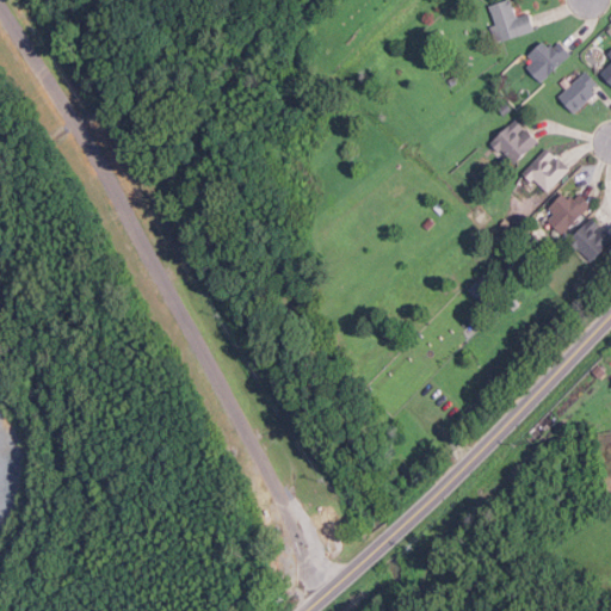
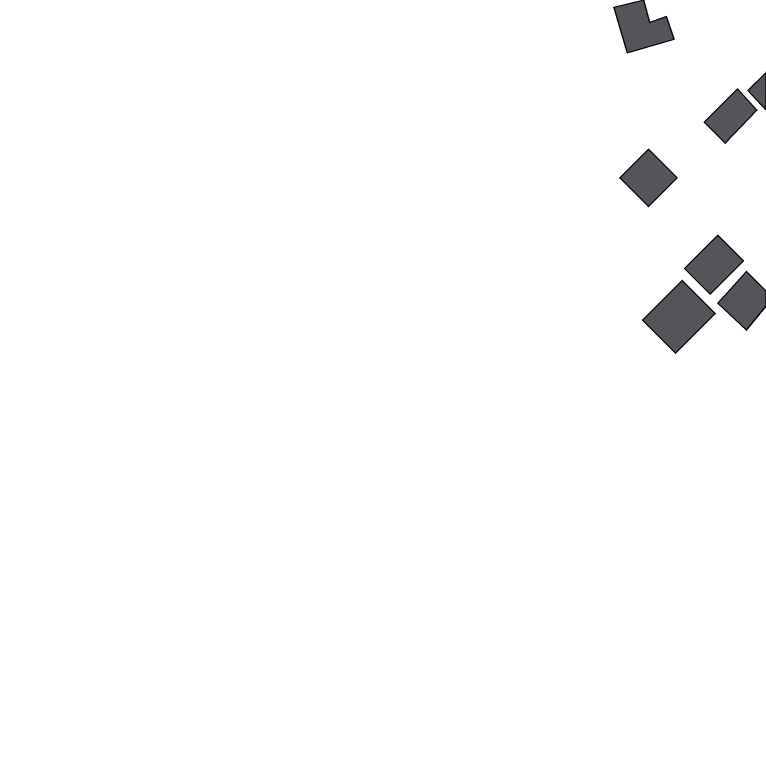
building: [525,41,569,84] -> none
building: [521,148,567,193] -> none
building: none -> [643,280,715,353]

